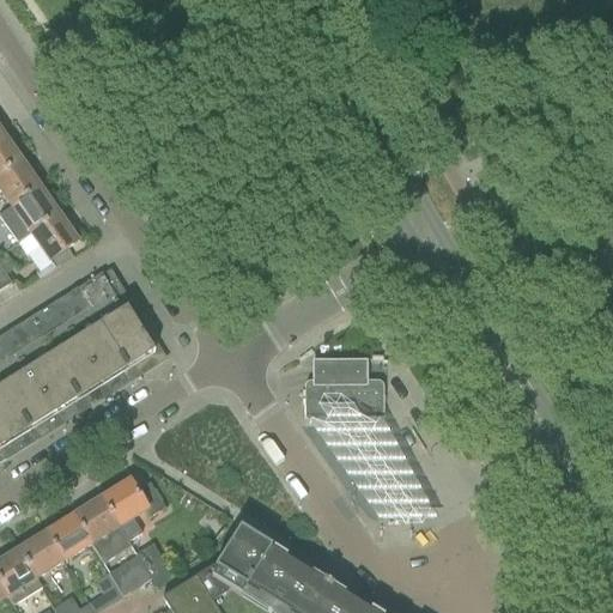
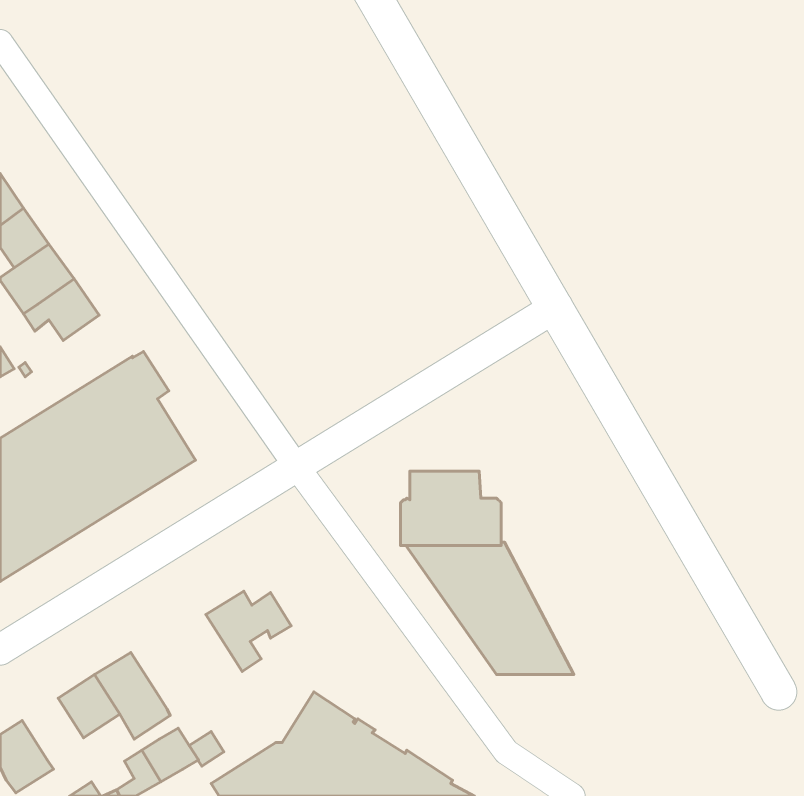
building: [101,478,165,539] -> [206,591,291,671]
building: [18,530,65,577] -> none

